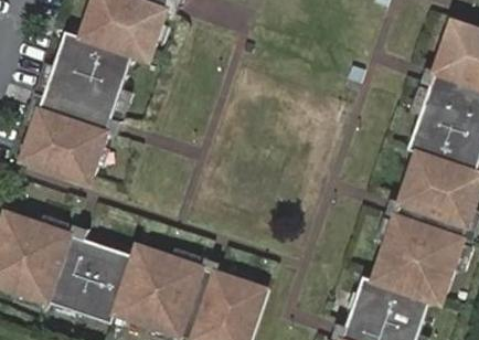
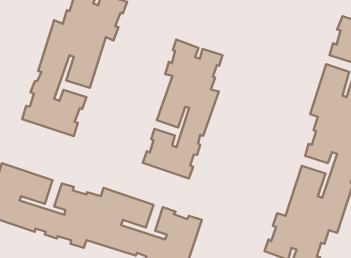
building: none -> [143,40,223,179]

